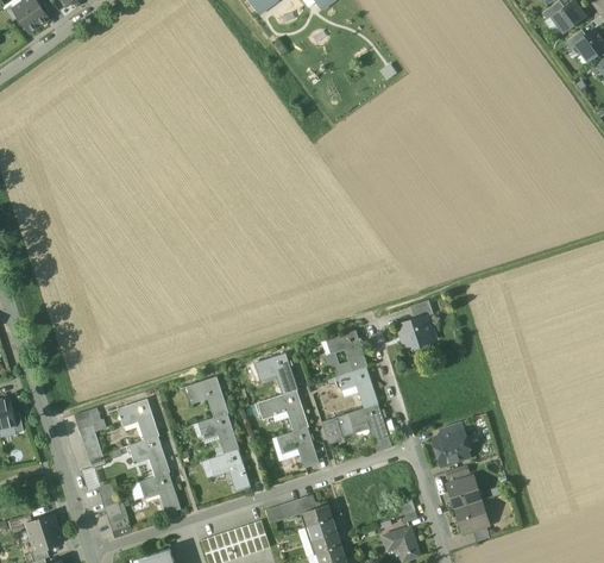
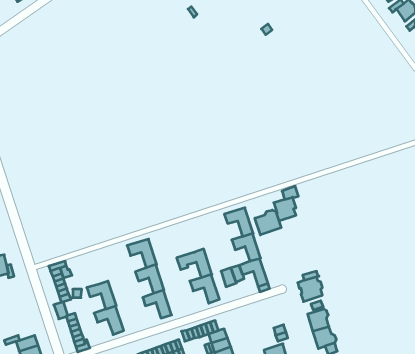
building: none -> [255,210,281,235]
building: [254,354,297,395] -> none
building: [117,400,158,442] -> none

